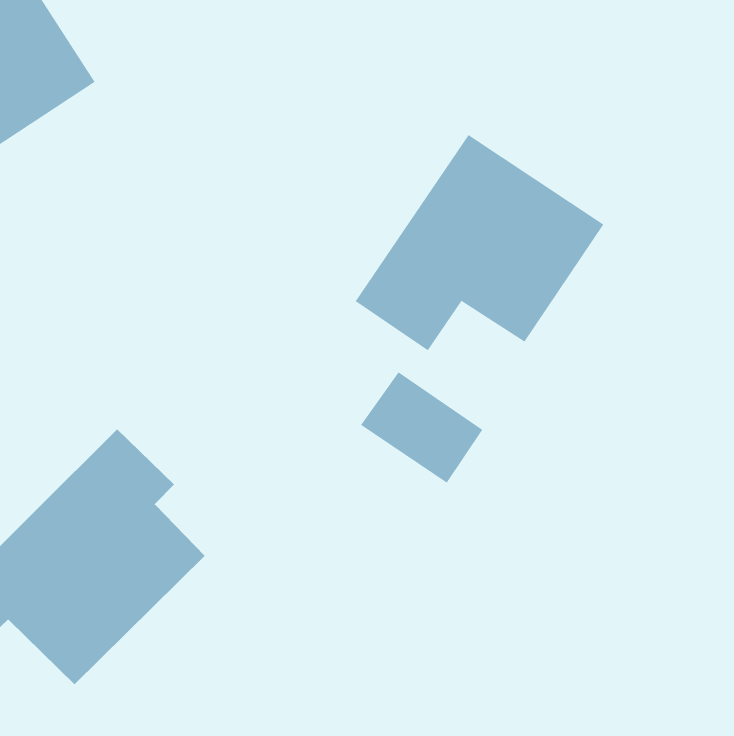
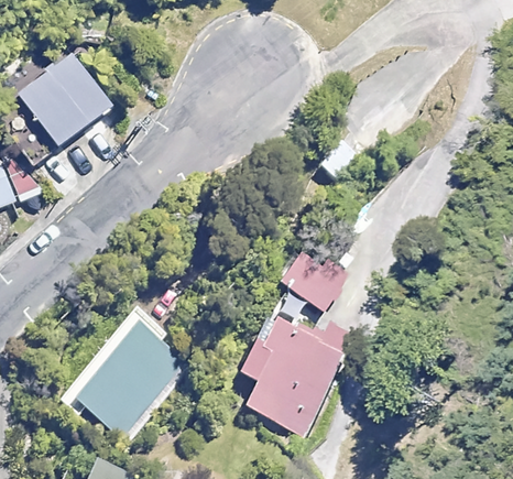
building: [355,134,604,351] -> none
building: none -> [240,320,352,435]

